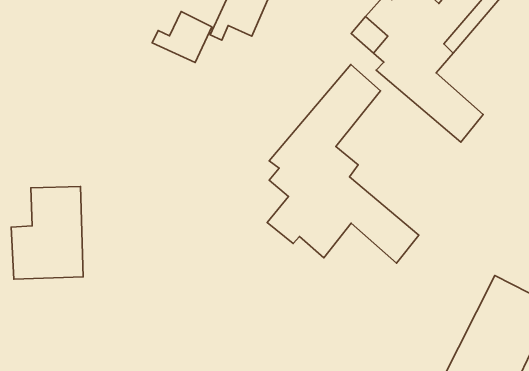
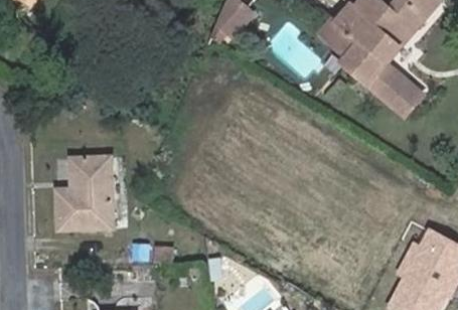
building: [152,11,212,63] -> none
building: [267,64,419,263] -> none

